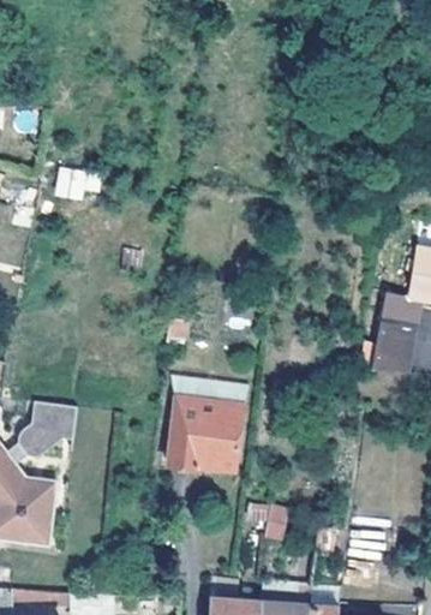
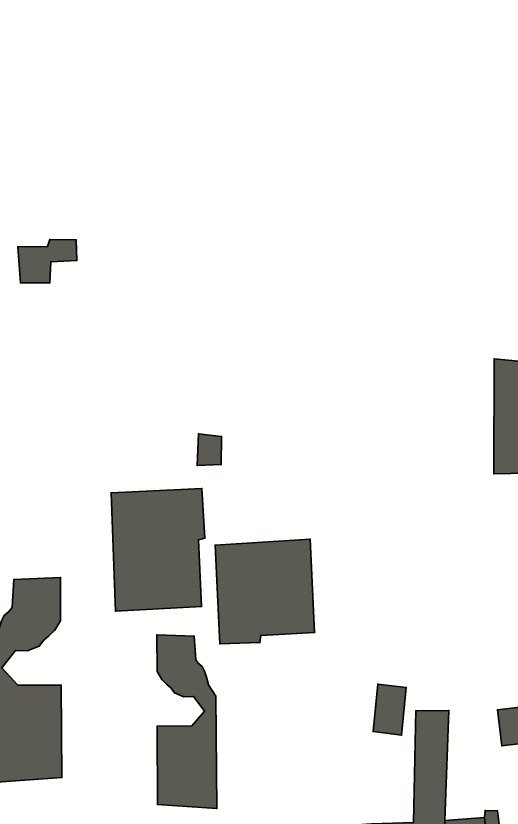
building: none -> [111,489,205,611]
building: none -> [157,635,217,808]

